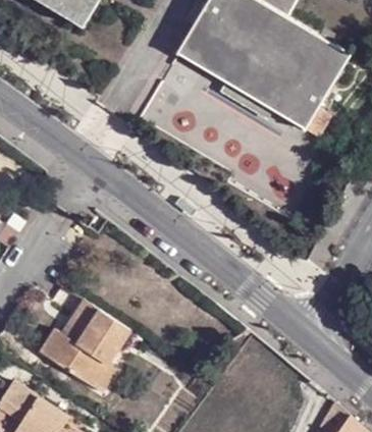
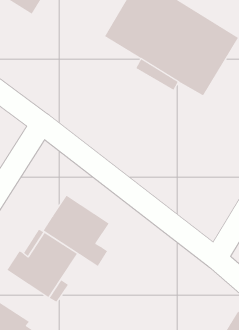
building: none -> [43,195,109,267]

